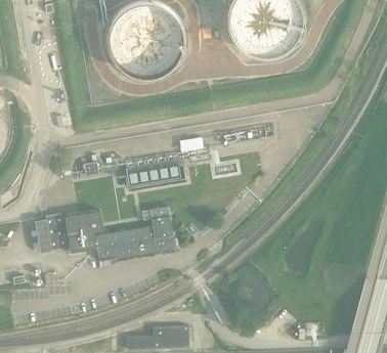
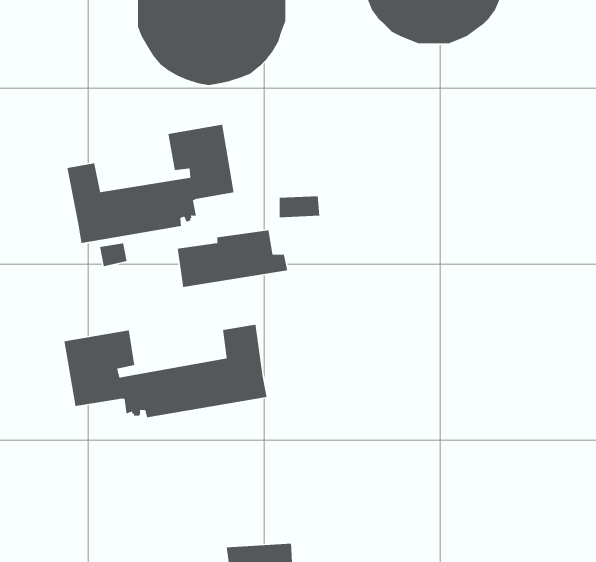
building: none -> [67,124,235,244]
building: [34,213,66,252] -> none

